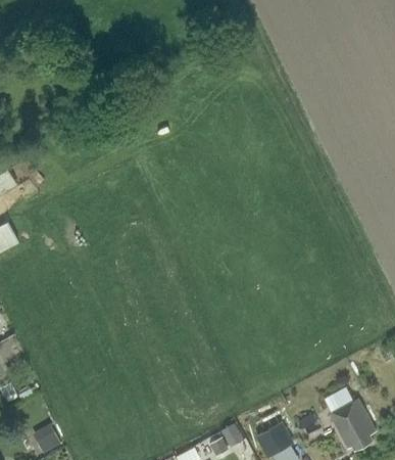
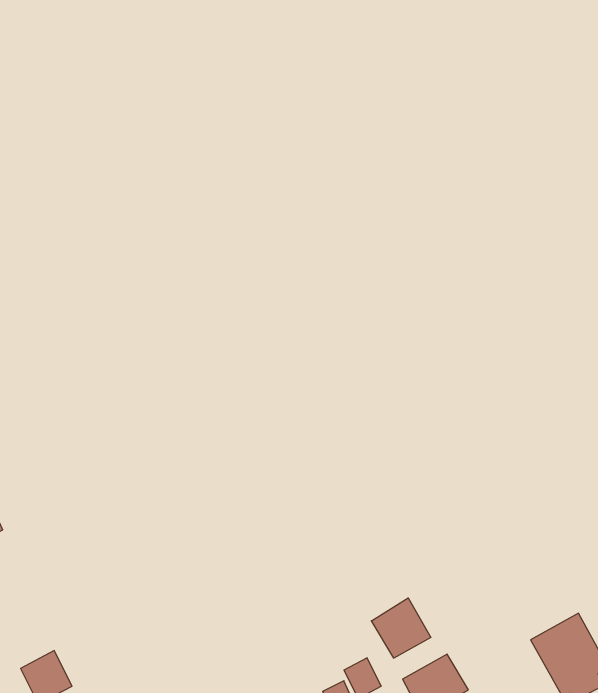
building: none -> [371,598,431,658]

